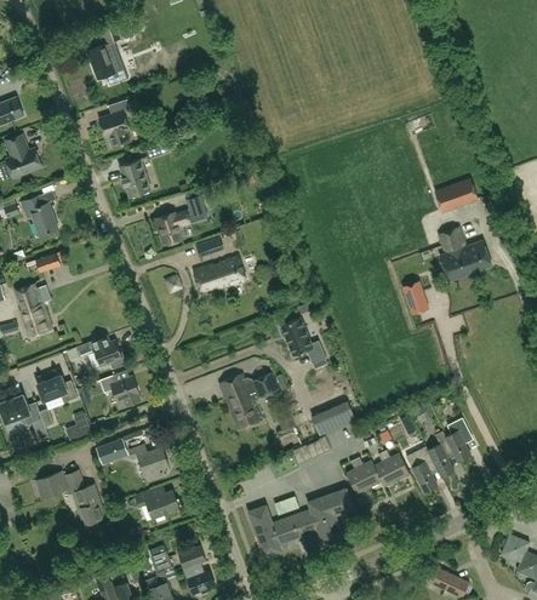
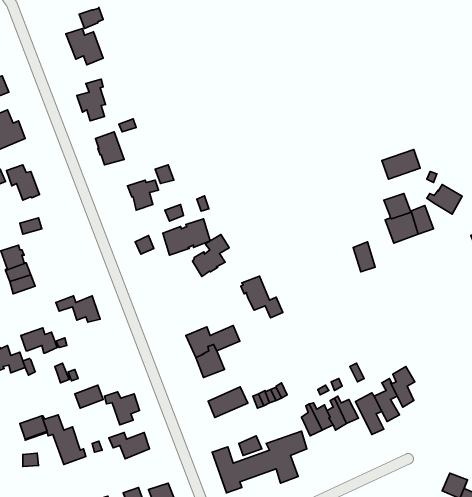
building: none -> [427,185,462,214]
building: none -> [193,235,229,277]
building: [99,376,141,407] -> none
building: [312,401,355,435] -> [208,387,248,418]

